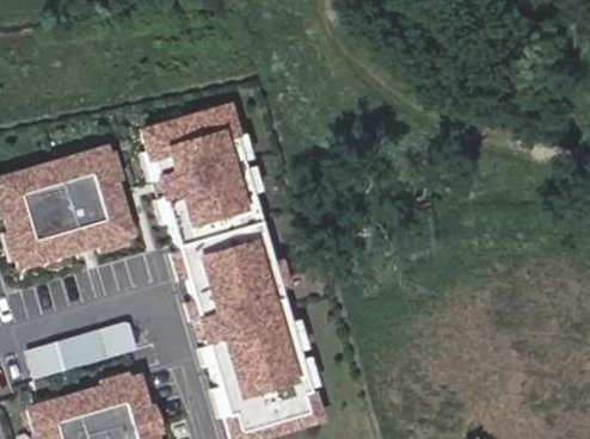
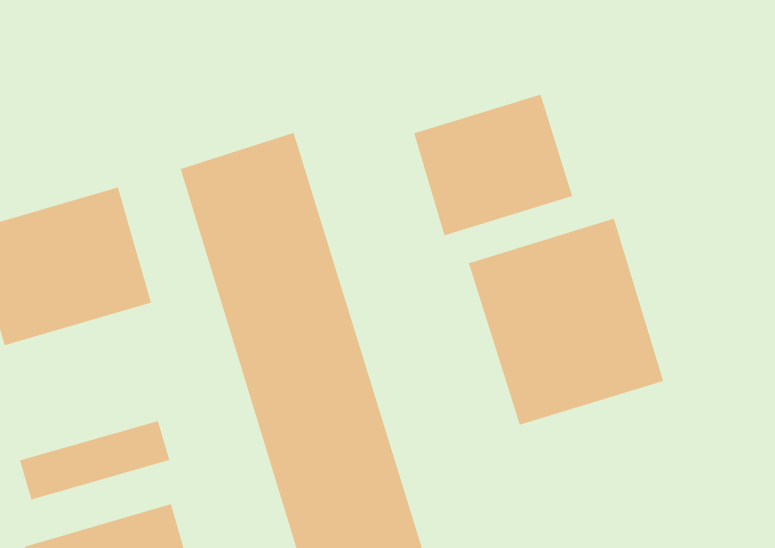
building: none -> [413,94,573,236]
building: none -> [468,218,664,426]

